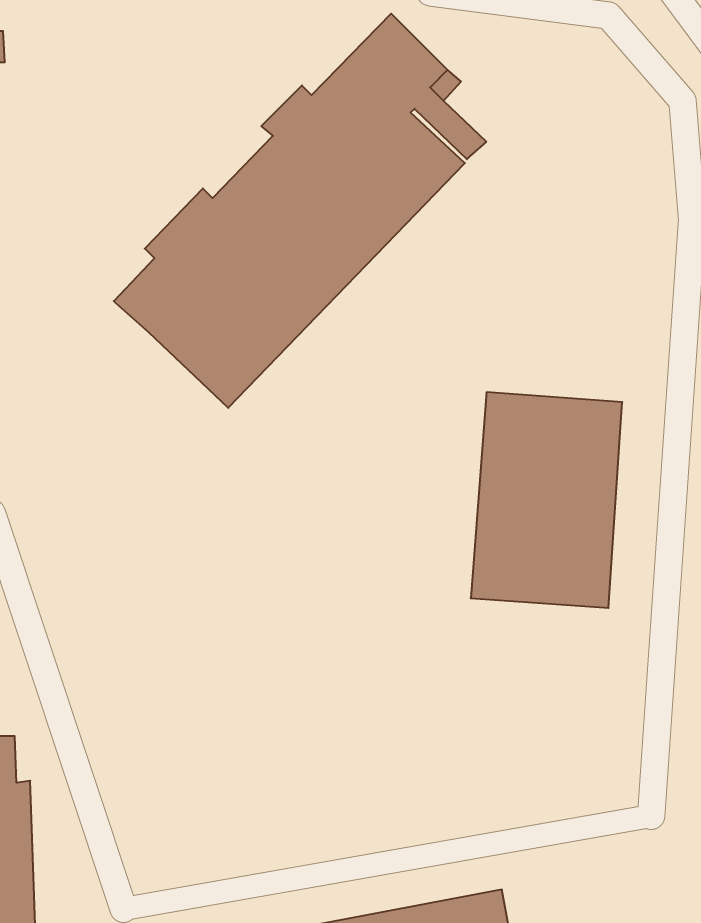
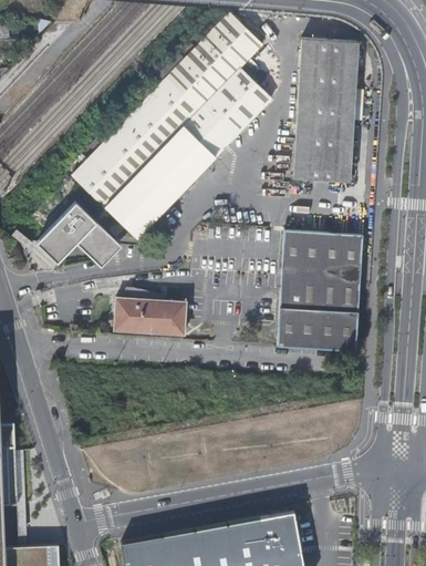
building: none -> [292,39,359,182]
building: none -> [37,199,124,267]
building: none -> [114,295,189,336]

